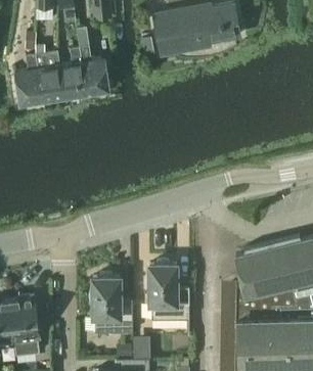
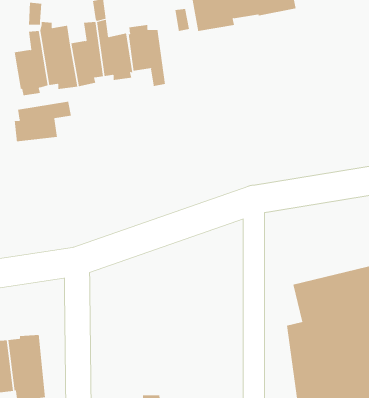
building: none -> [128,24,166,87]
building: none -> [14,101,72,142]
building: [146,263,189,321] -> none
building: [90,276,133,334] -> none

